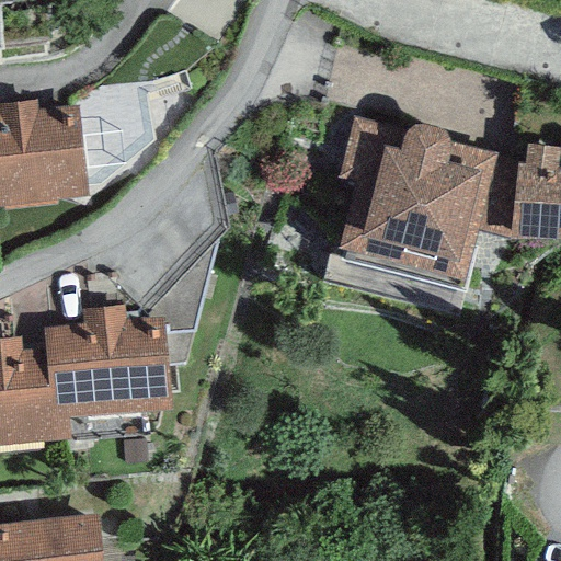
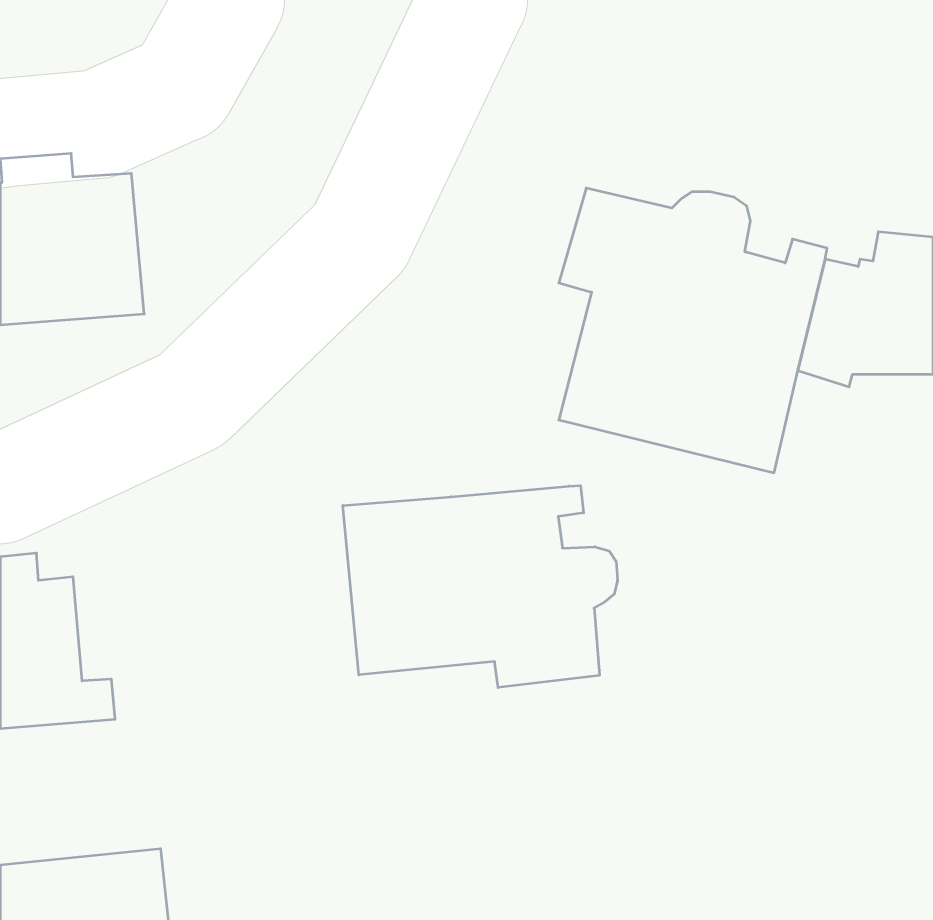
building: none -> [343,486,617,688]
building: [43,310,169,416] -> none

